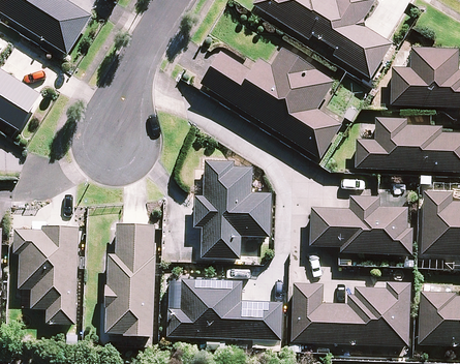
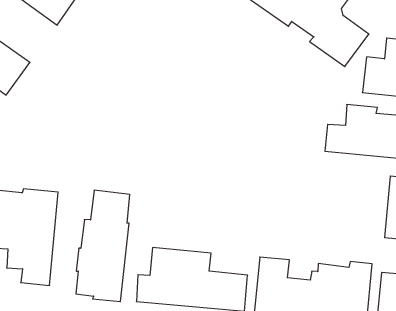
building: [200,48,341,159] -> none
building: [194,158,271,257] -> none
building: [309,194,411,252] -> none

